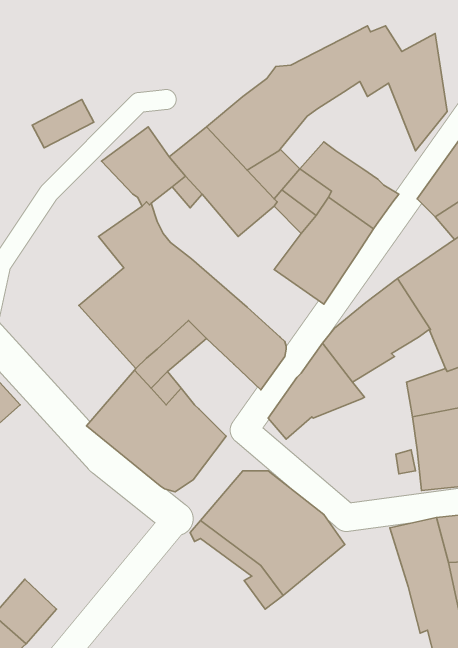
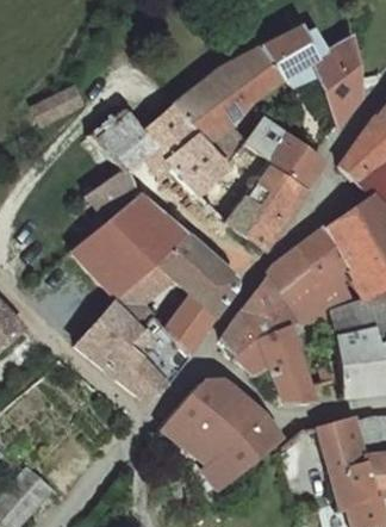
building: none -> [288,274,353,322]
building: none -> [167,296,216,353]
building: none -> [236,326,315,403]

